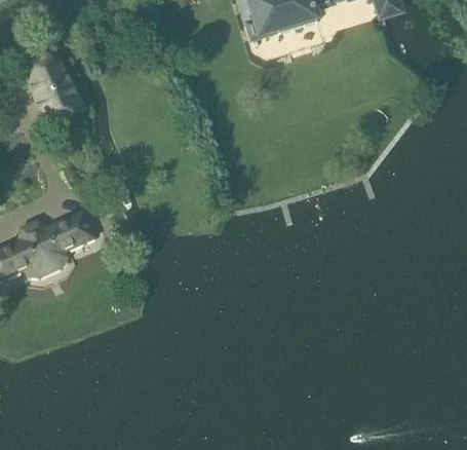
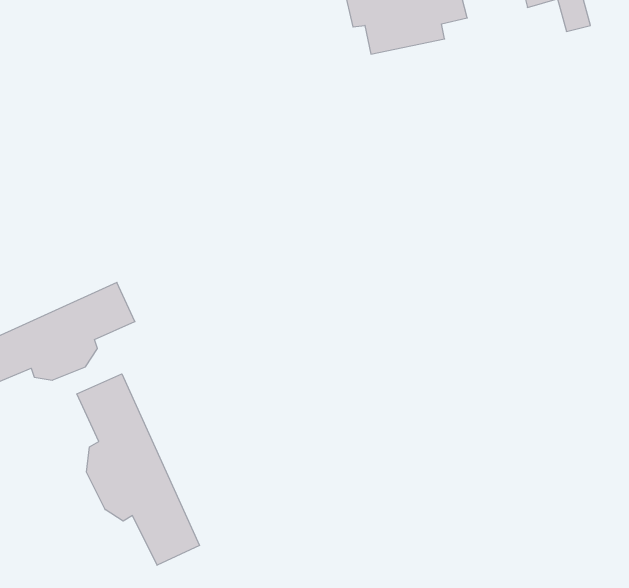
building: [29,44,86,120] -> none
building: none -> [77,374,200,565]

